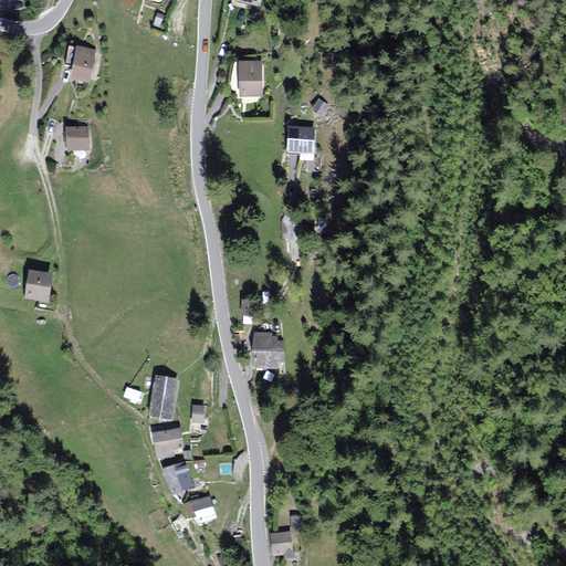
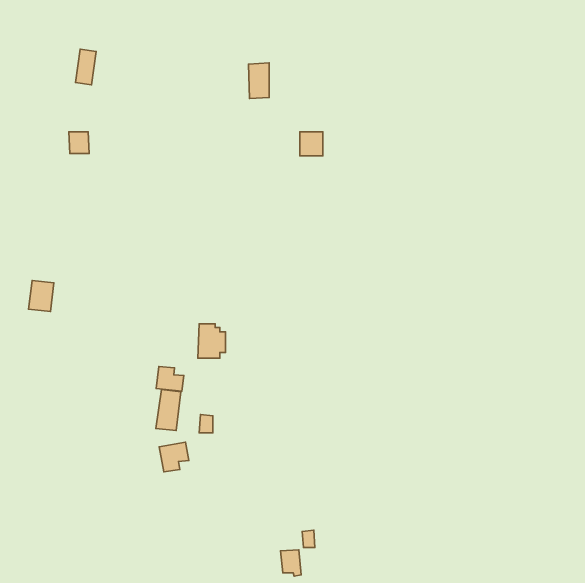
building: [253,333,280,366] -> [198,324,225,358]
building: none -> [156,367,184,391]
building: [164,464,192,492] -> none
building: [187,494,216,524] -> none

